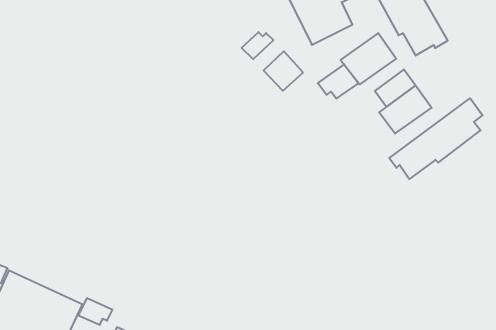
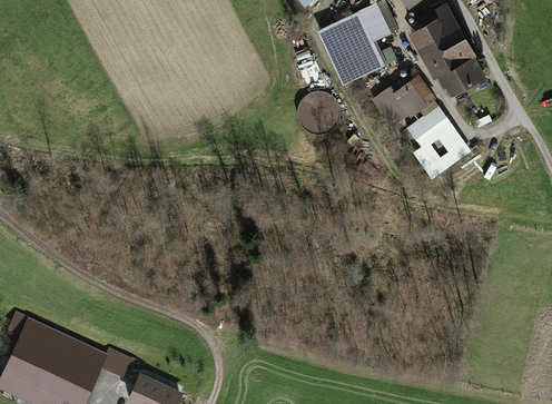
building: [242,32,273,59] -> none
building: [318,64,358,99] -> none
building: [389,98,483,179] -> none

